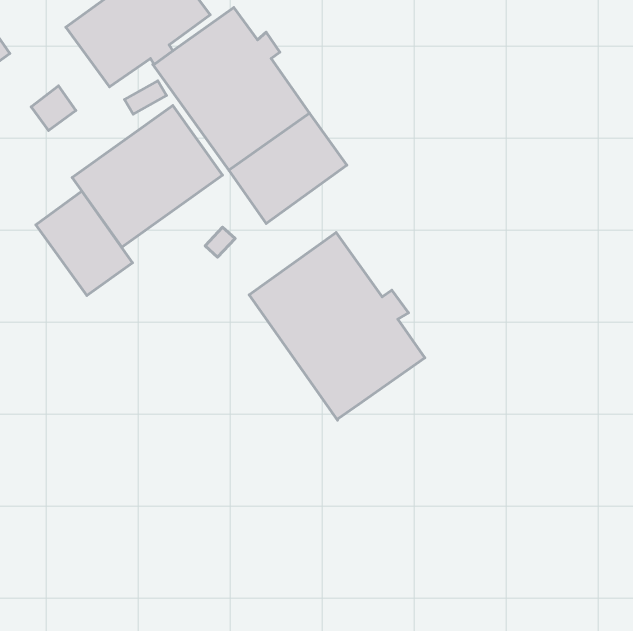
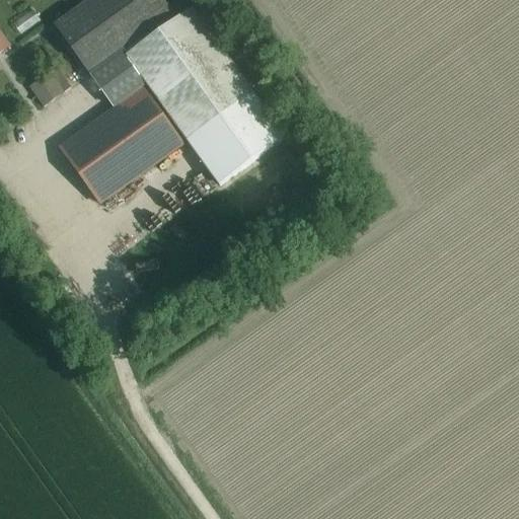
building: [36,191,133,295] -> none
building: [249,233,425,420] -> none

